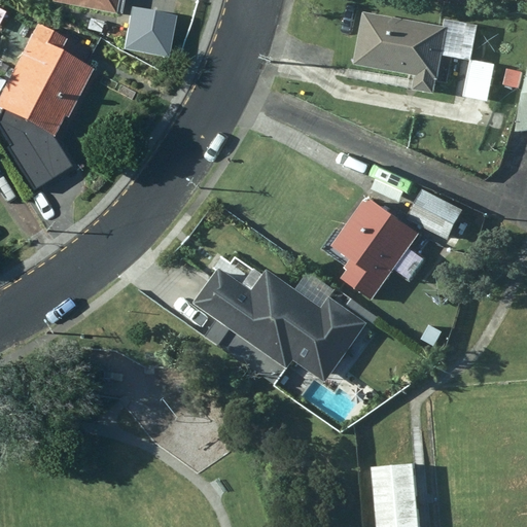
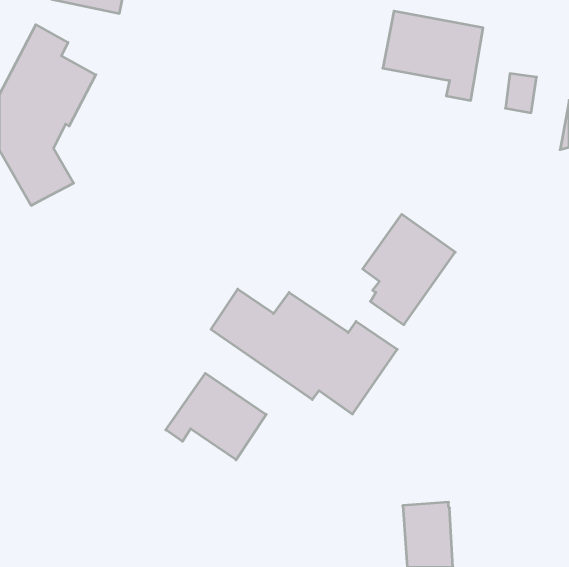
building: [121,9,172,58] -> none
building: [408,188,461,239] -> none
building: none -> [166,373,266,460]

